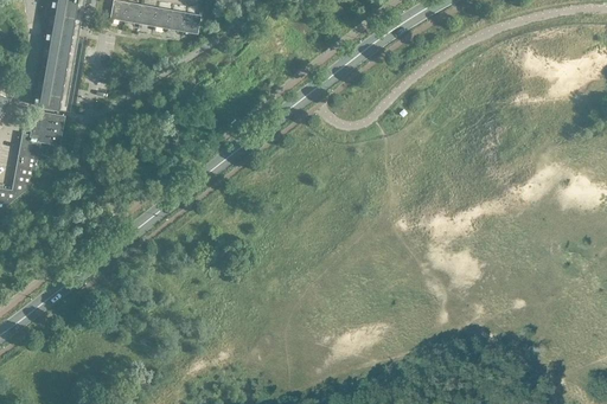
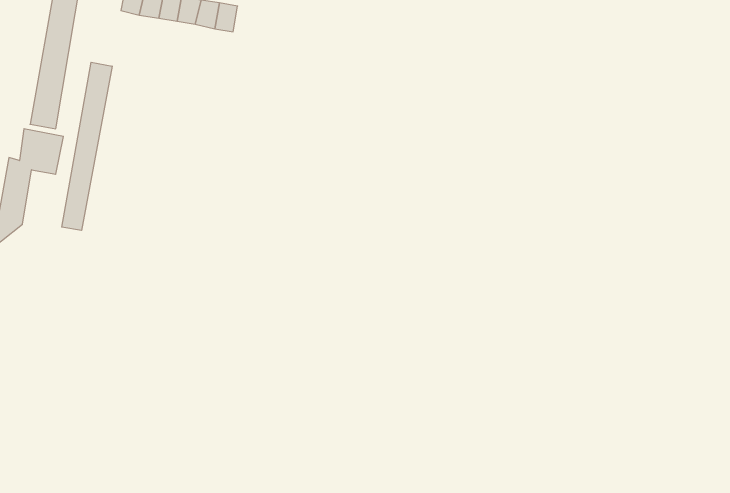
building: none -> [62,62,112,230]

